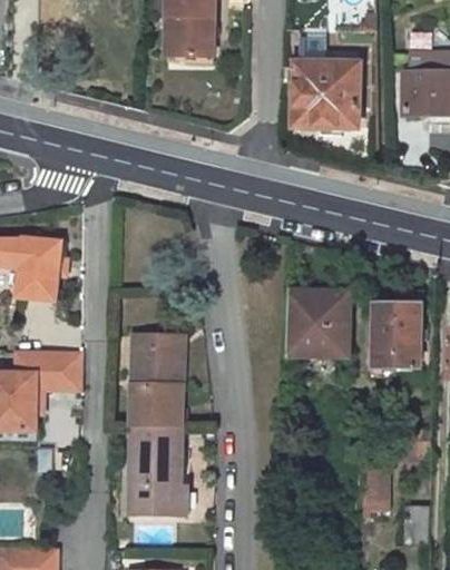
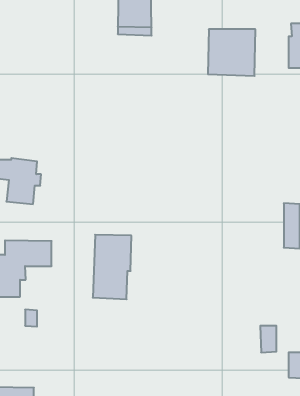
building: [287,287,349,353] -> none
building: [374,299,398,361] -> none
building: [130,430,185,521] -> none

